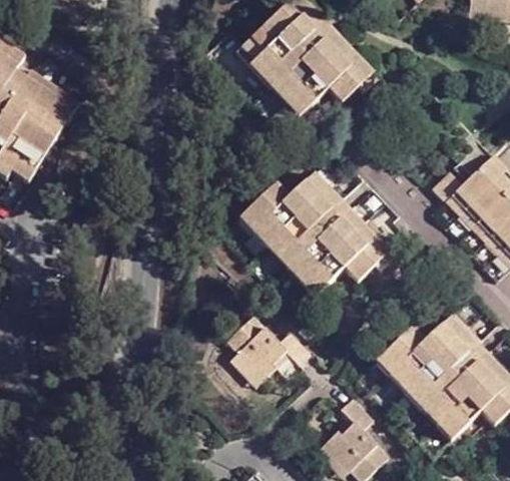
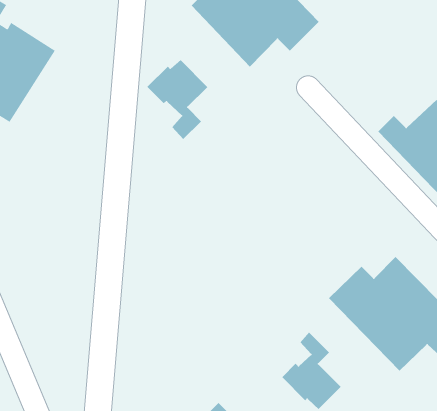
building: none -> [147,59,208,140]
building: [237,175,385,298] -> none
building: [228,319,311,384] -> none

